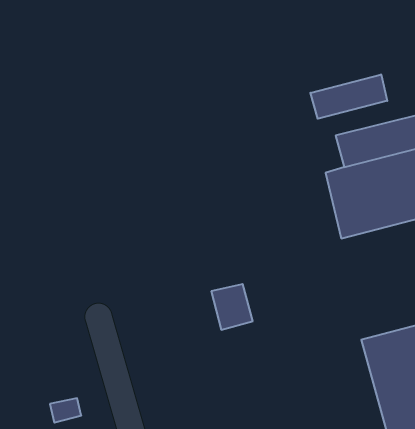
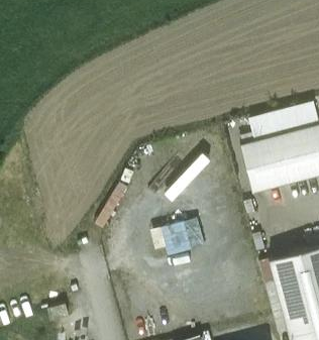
building: [310,74,387,119] -> none

